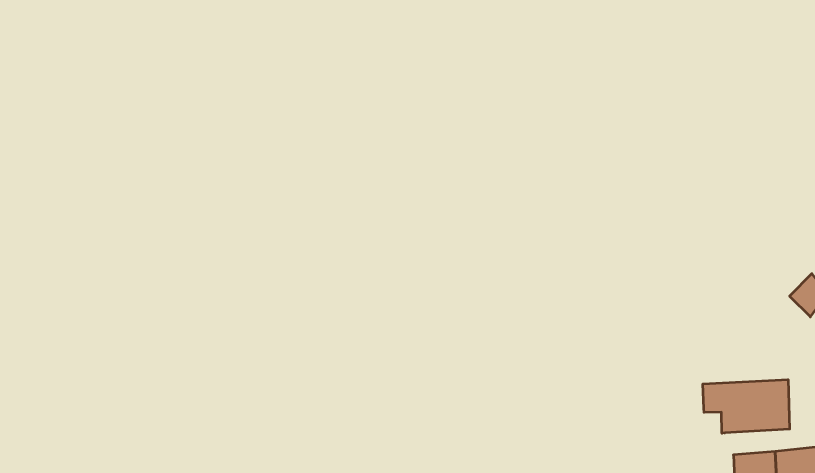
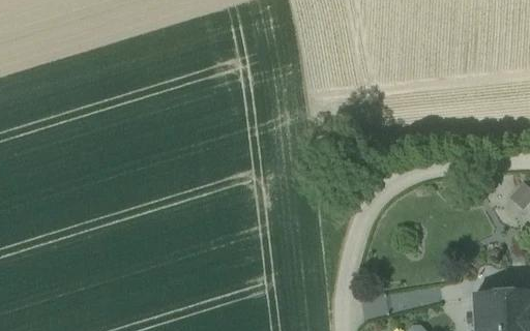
building: [703,380,790,433] -> none

